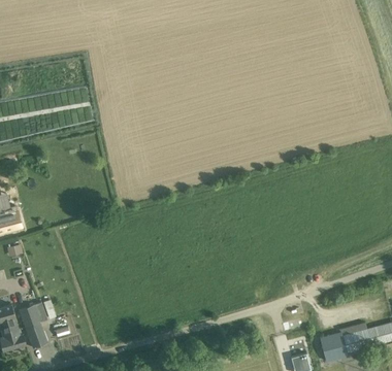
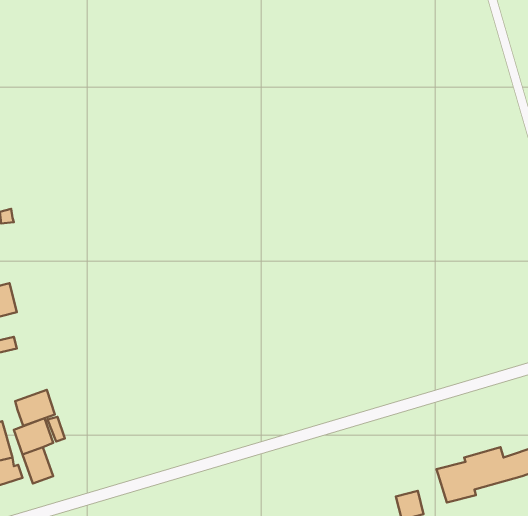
building: none -> [15,390,55,426]

